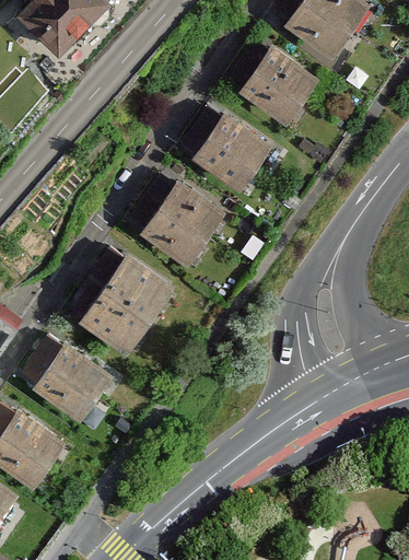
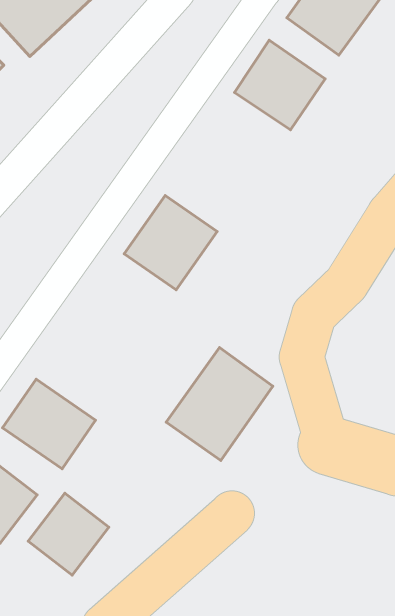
building: [189,112,267,189] -> none
building: [77,252,171,351] -> [166,348,273,461]
building: none -> [28,493,109,575]

